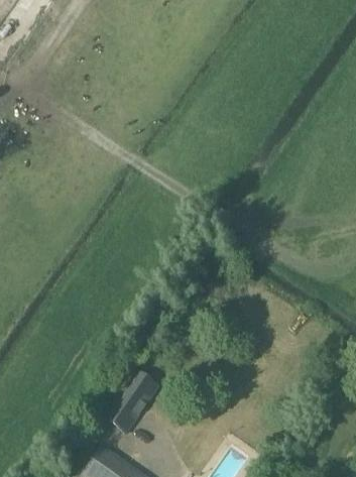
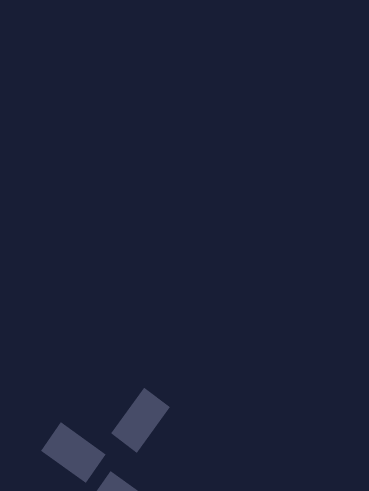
building: none -> [40,421,106,484]

